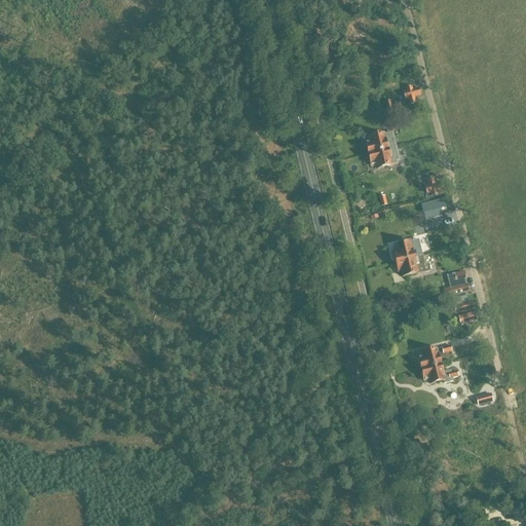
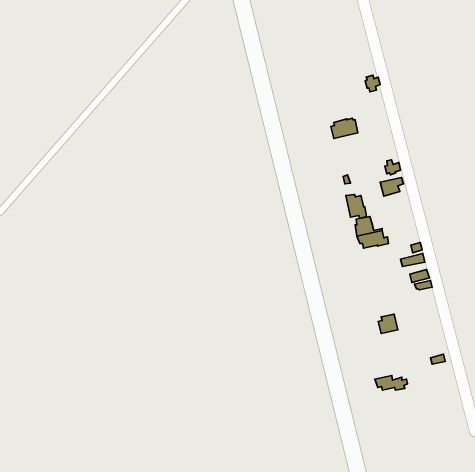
building: [369,147,399,166] -> none
building: none -> [346,195,366,219]
building: [421,365,457,381] -> [375,375,408,390]

